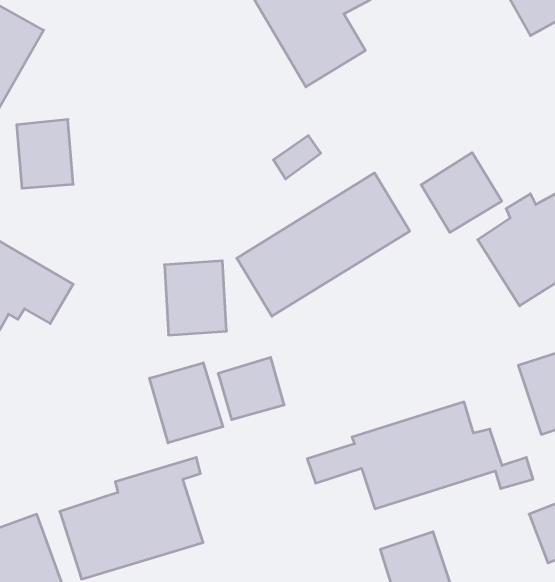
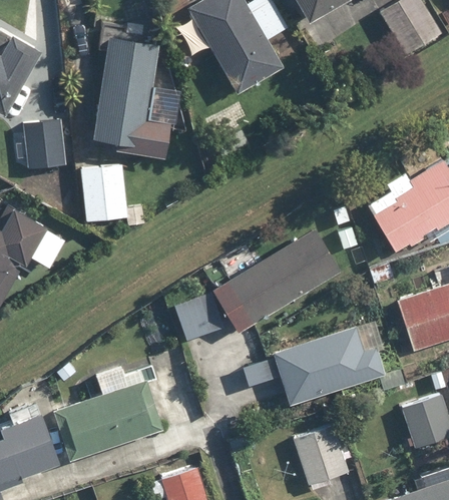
building: none -> [96,38,170,155]
building: [421,153,502,232] -> none
building: [237,173,410,316] -> [213,227,342,334]
building: [164,261,227,335] -> [81,165,127,220]
building: [150,363,223,443] -> none

